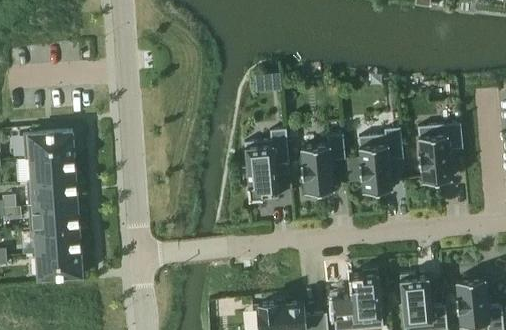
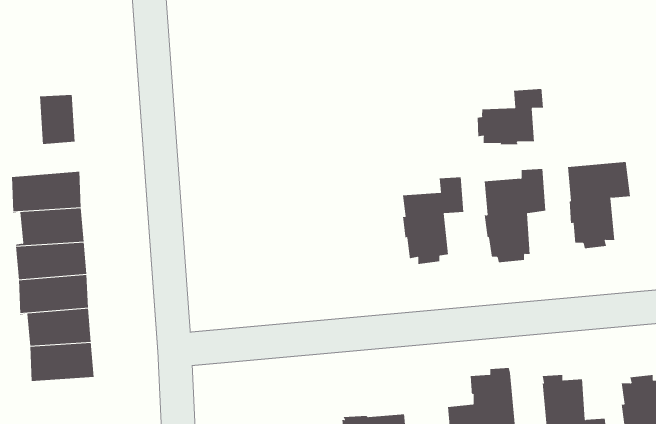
building: none -> [477,88,544,145]
building: none -> [40,94,75,145]
building: [242,129,290,200] -> none

